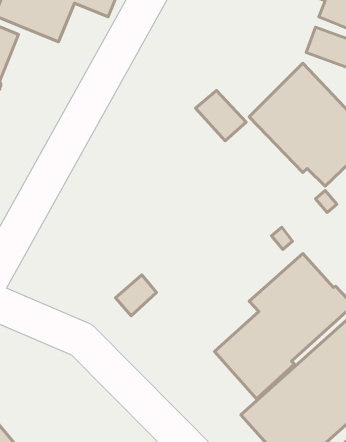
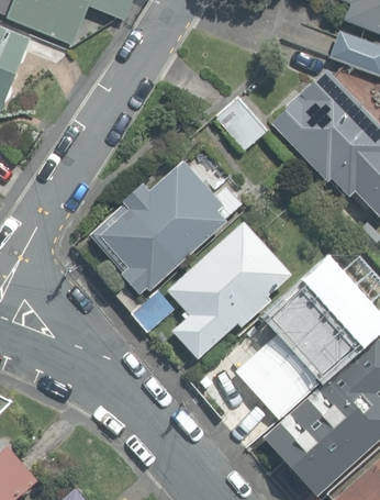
building: none -> [91,145,243,295]
building: none -> [167,221,291,358]

